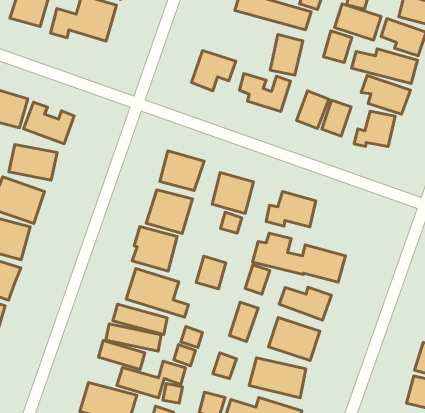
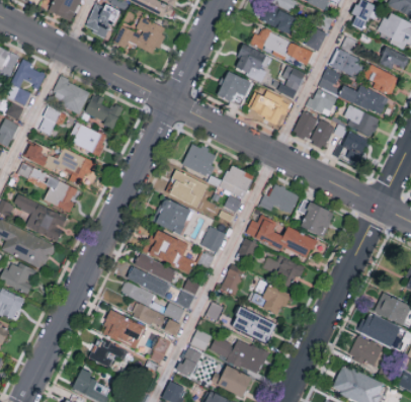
building: none -> [234,45,271,80]
building: none -> [307,88,337,116]
building: none -> [298,198,334,237]

